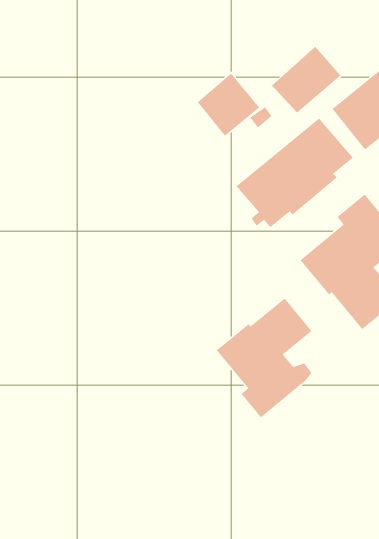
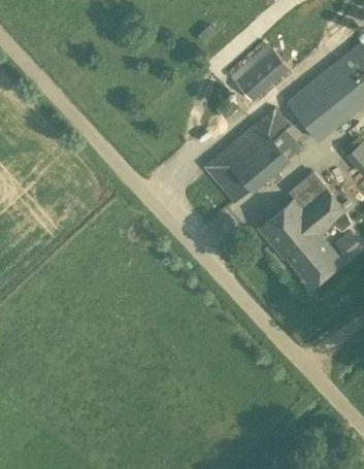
building: [197,72,260,137] -> none
building: [216,297,312,418] -> none

